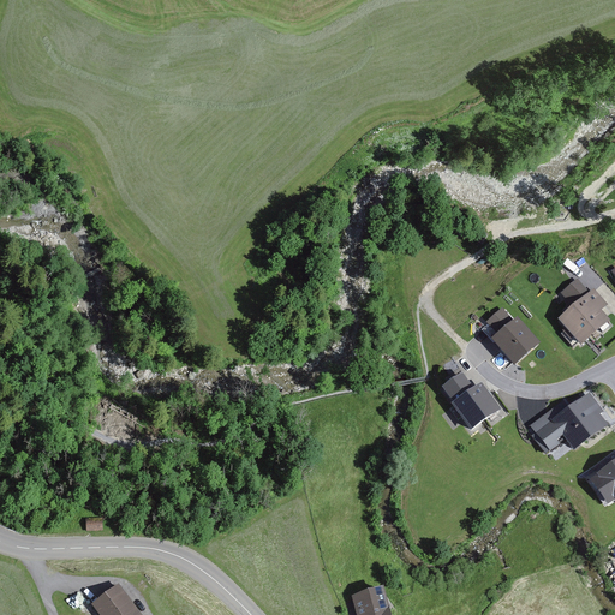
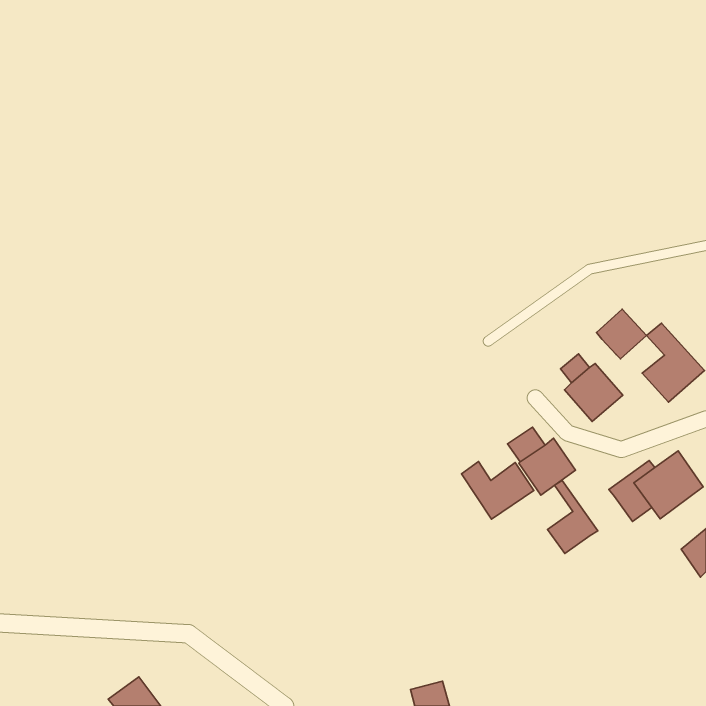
building: none -> [596,309,646,359]
building: none -> [461,461,534,519]
building: none -> [548,481,598,554]

